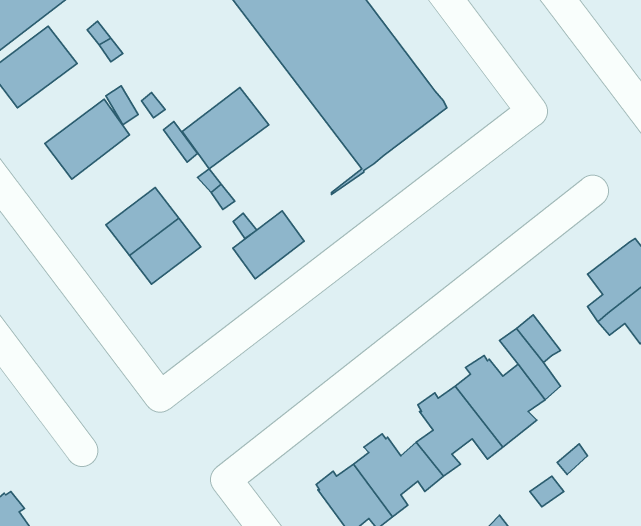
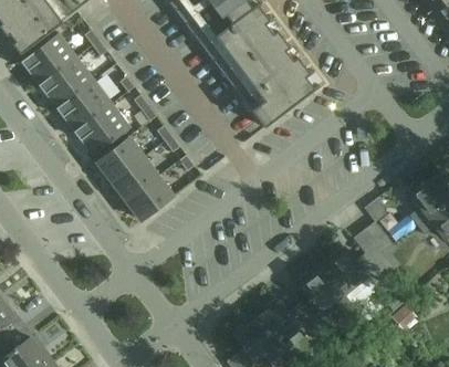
building: none -> [39,56,95,108]
building: [182,87,269,169] -> [74,103,130,156]
building: [233,211,304,279] -> [126,176,173,220]

